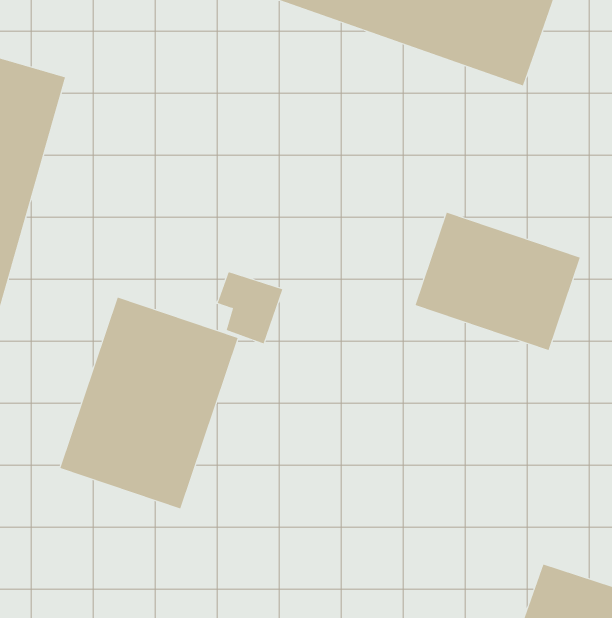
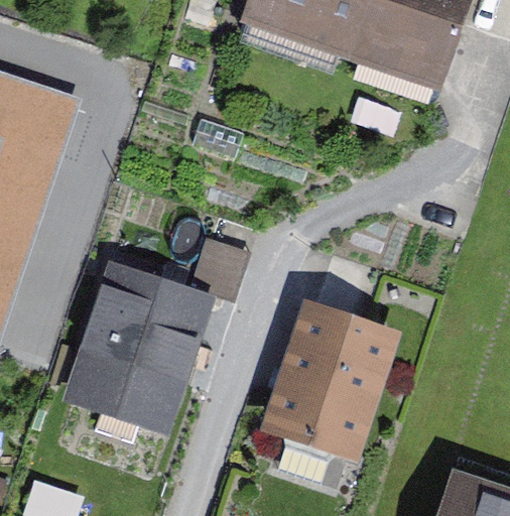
building: [415,212,581,351] -> none
building: none -> [262,300,400,463]

